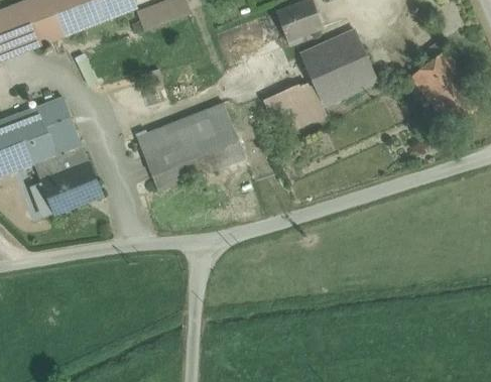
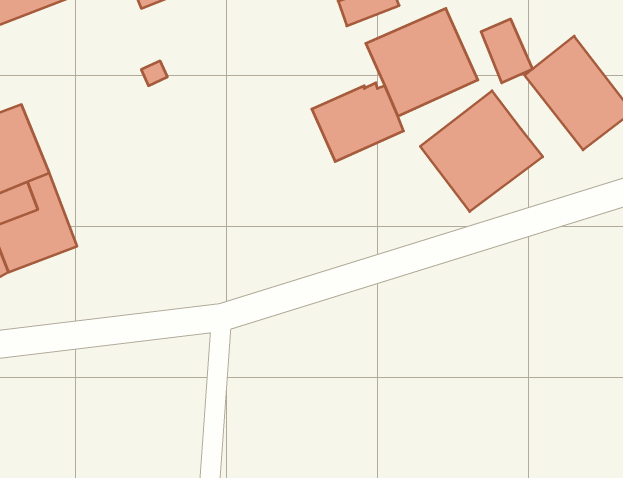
building: none -> [481,19,533,83]
building: none -> [420,91,543,212]
building: [136,103,245,192] -> none

